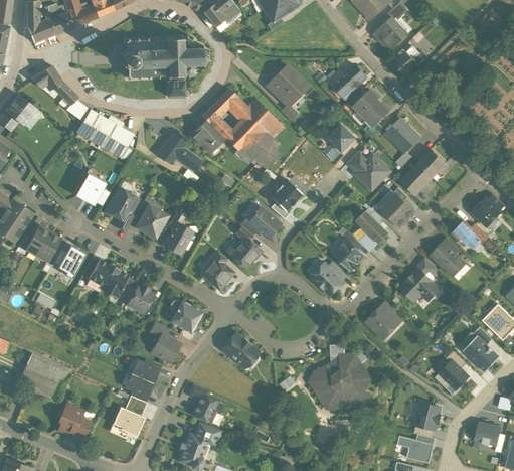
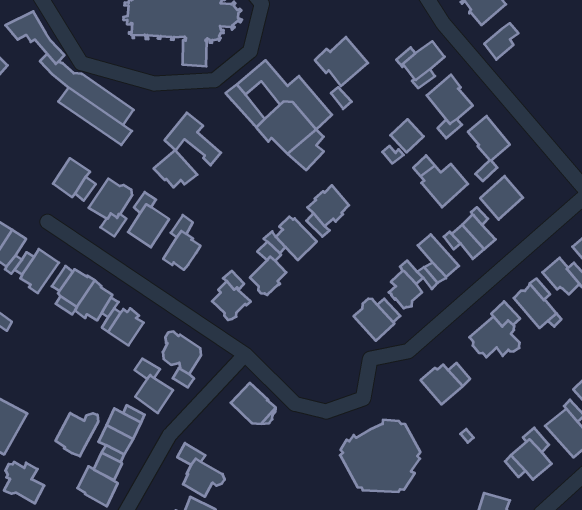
building: [191,121,224,149] -> [154,150,197,187]
building: [416,148,445,177] -> none
building: none -> [56,413,98,456]

